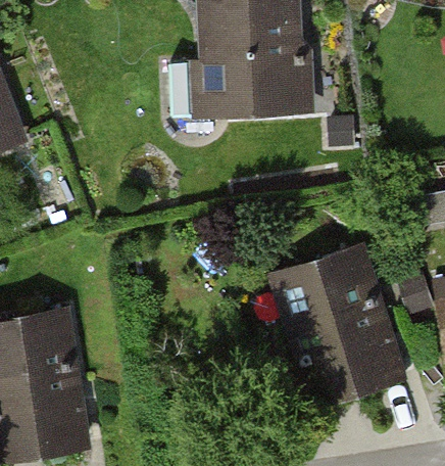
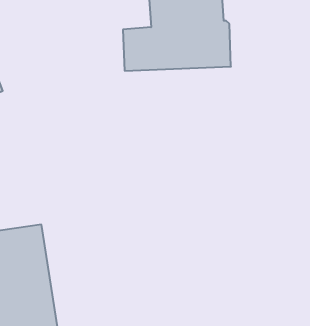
building: [278,248,401,395] -> none

